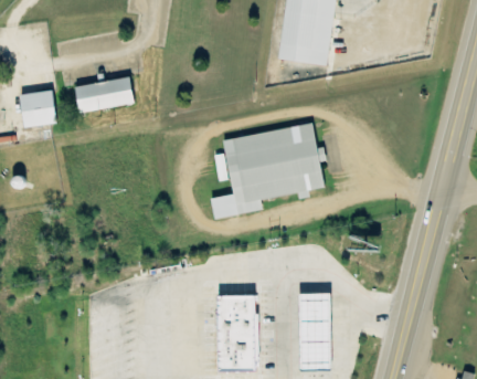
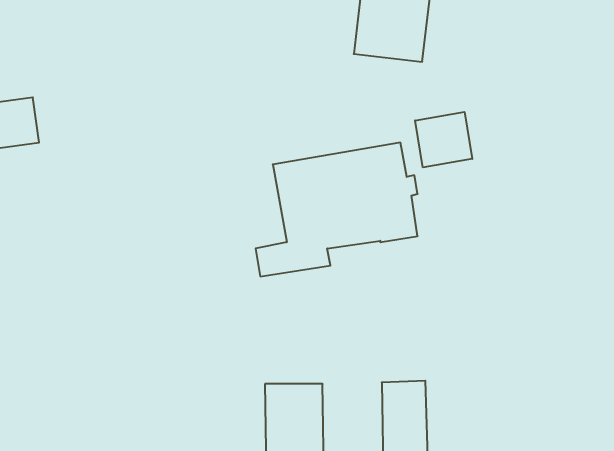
building: [74,76,135,113] -> none
building: none -> [415,112,472,167]

